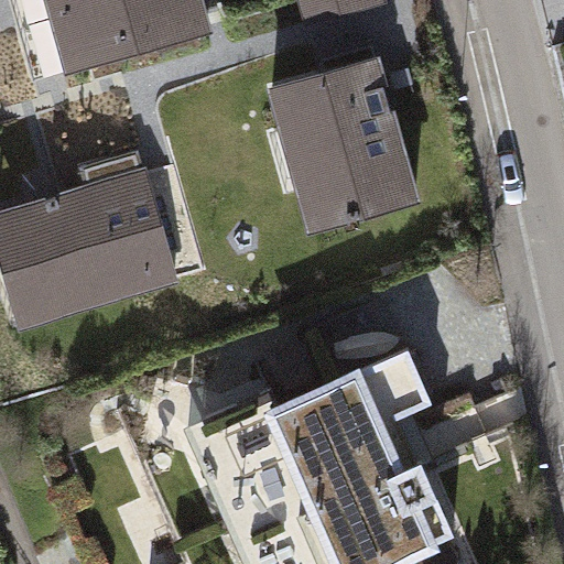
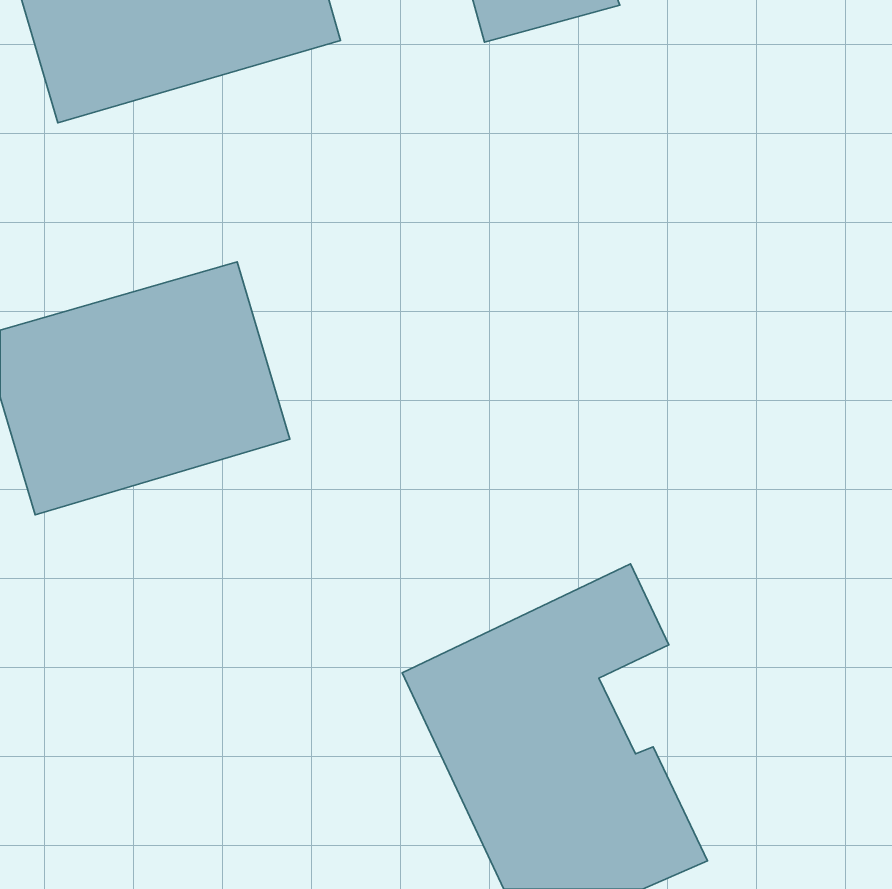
building: [268,61,427,247] -> none

